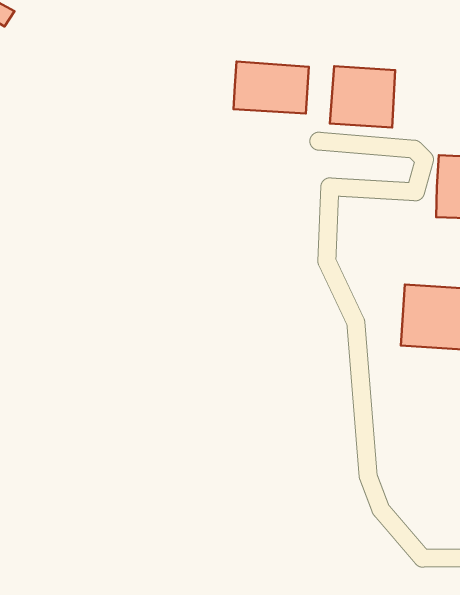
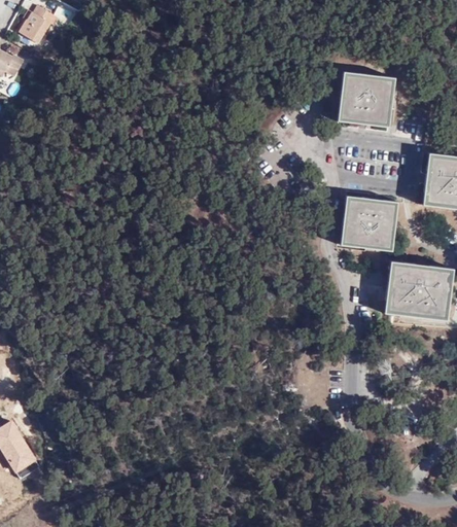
building: [233,62,309,113] -> none
building: none -> [339,197,394,250]

